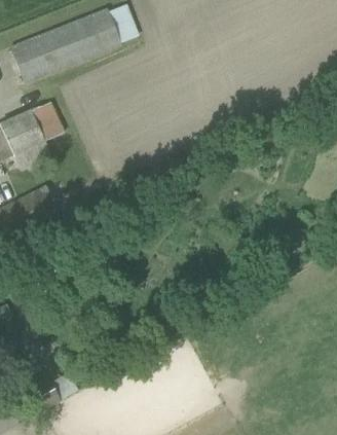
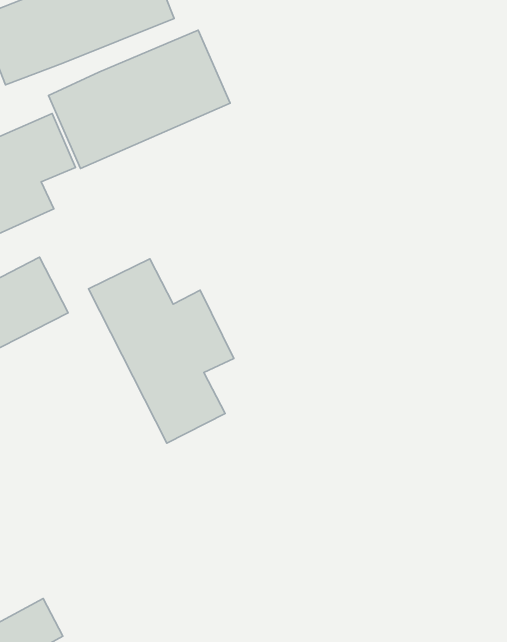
building: none -> [49,30,230,169]
building: none -> [88,259,234,443]

